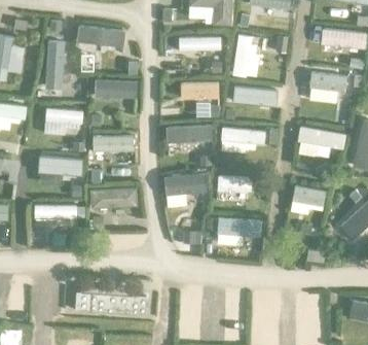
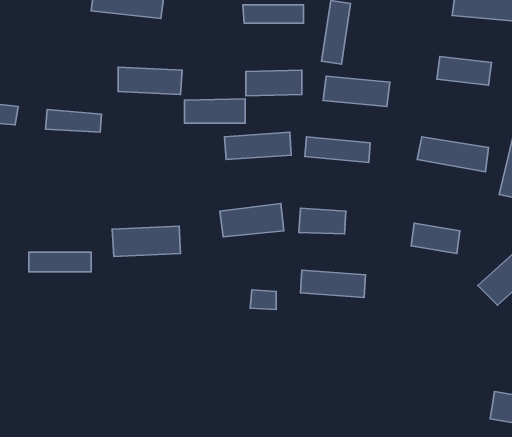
building: [45,40,65,89] -> none
building: [93,135,134,151] -> [185,99,245,123]
building: [38,156,82,175] -> none
building: [76,287,147,316] -> none

